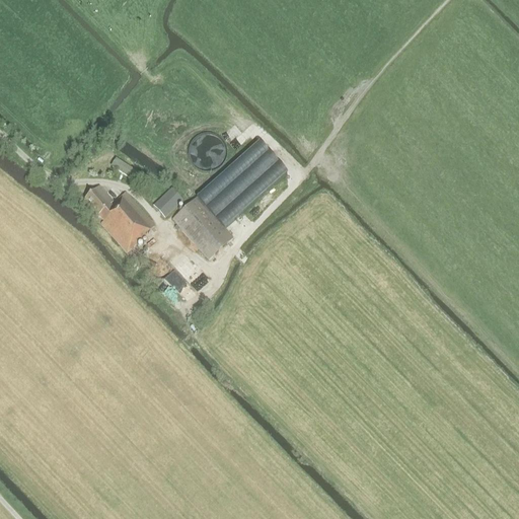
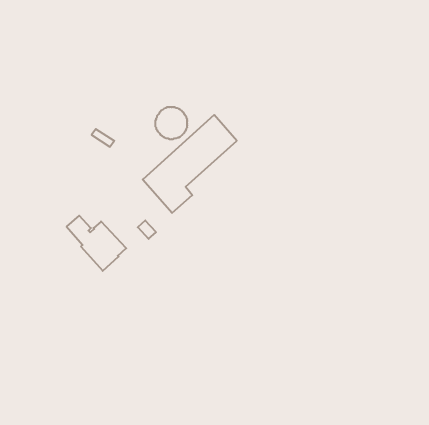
building: [83,183,155,250] -> [67,216,126,271]
building: [152,187,182,216] -> none

